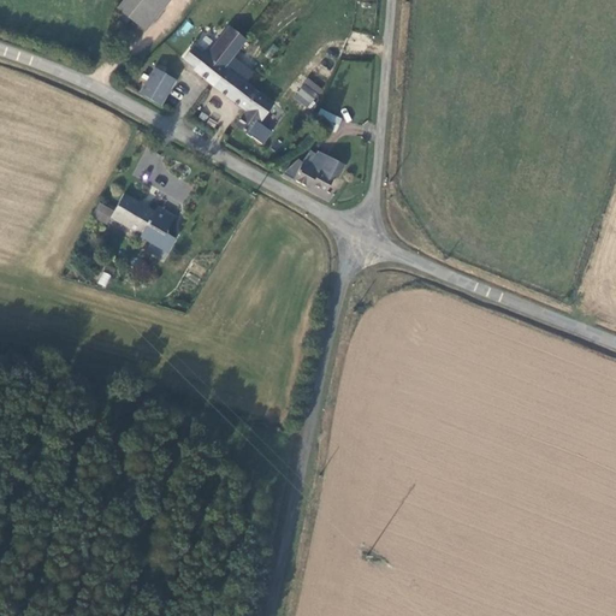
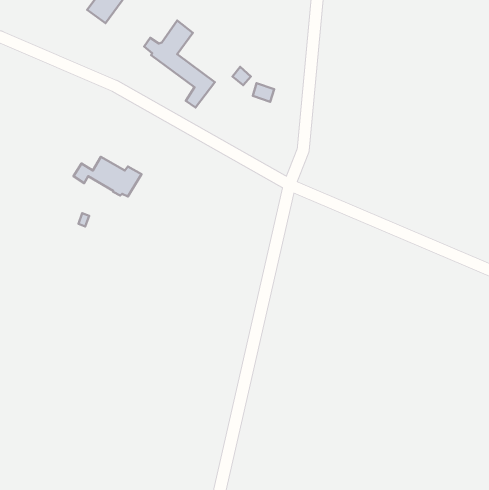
building: [141,63,176,107] -> none
building: [284,150,346,189] -> none

